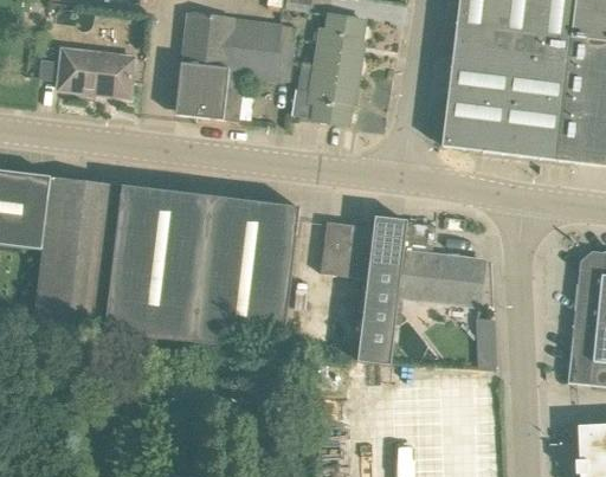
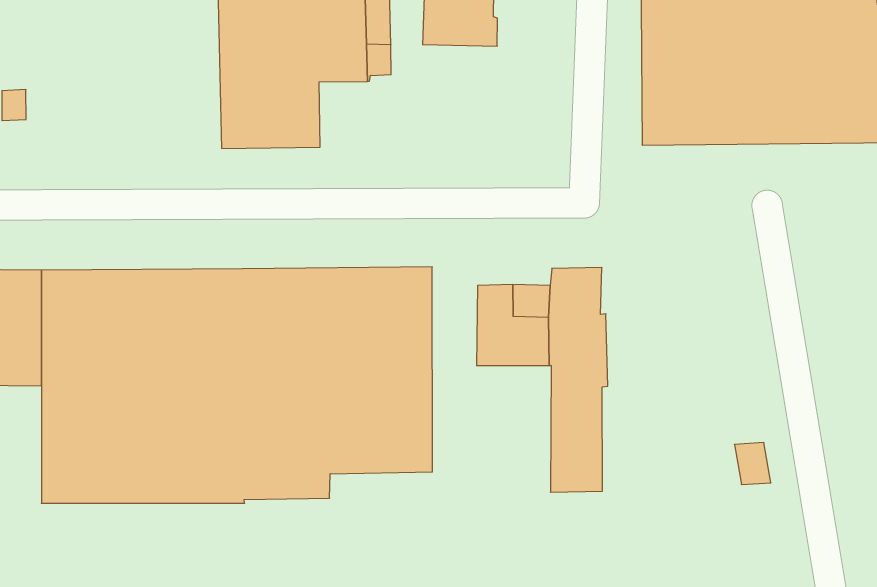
building: [59,47,135,96] -> none
building: [294,64,360,124] -> none
building: [402,220,483,318] -> none

